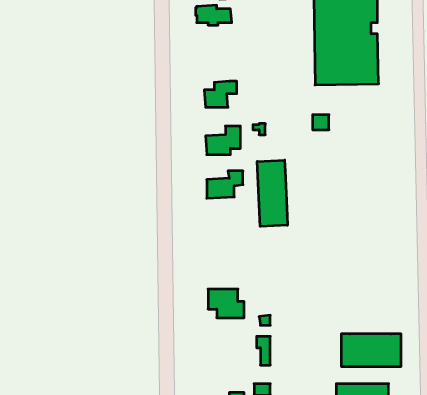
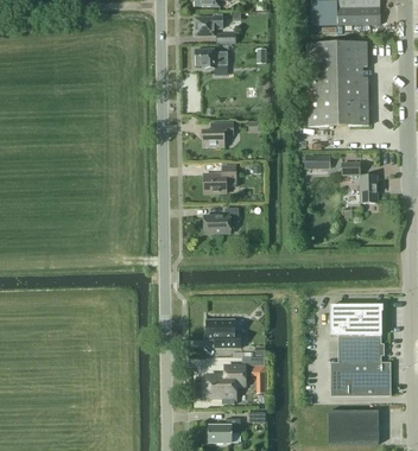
building: none -> [342,163,378,203]
building: [257,160,287,226] -> none
building: none -> [330,305,382,363]
building: none -> [207,366,245,400]

